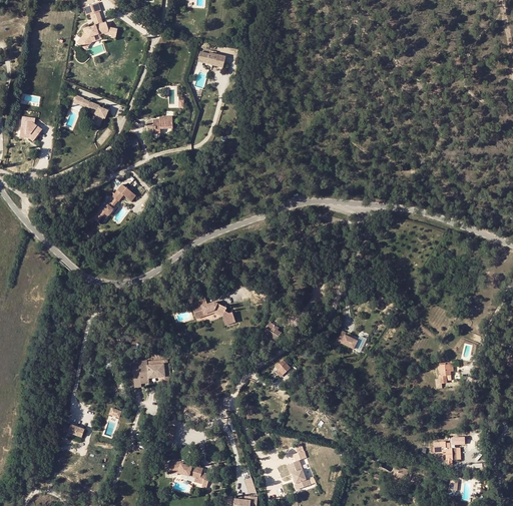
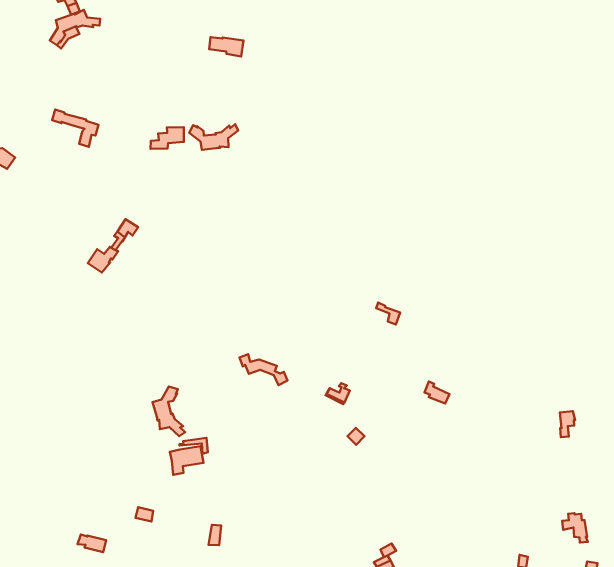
building: none -> [189,124,238,150]
building: none -> [153,386,185,436]

